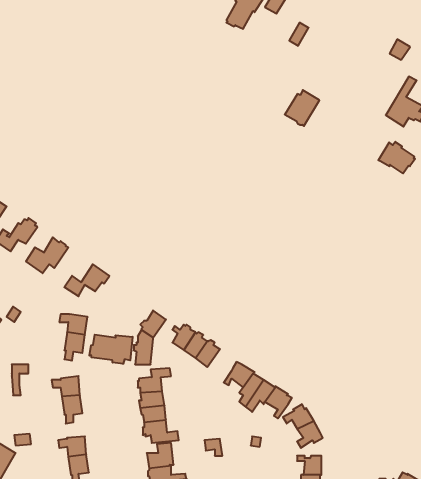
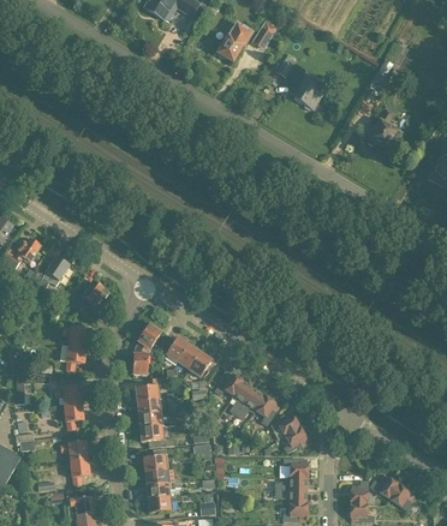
building: [285,90,319,126] -> [294,76,327,109]
building: [378,142,415,173] -> none
building: [89,335,133,364] -> none

